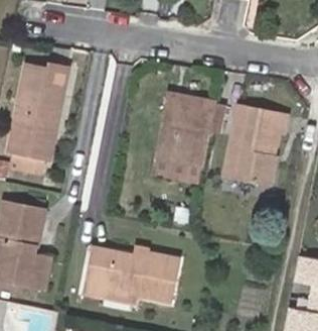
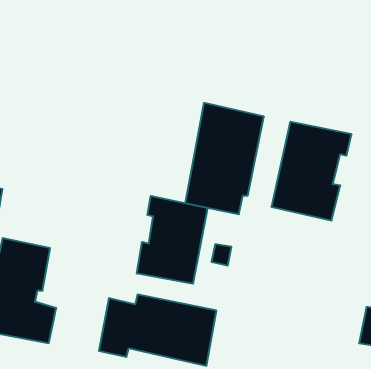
building: [11,63,66,170] -> none
building: none -> [137,196,207,284]

